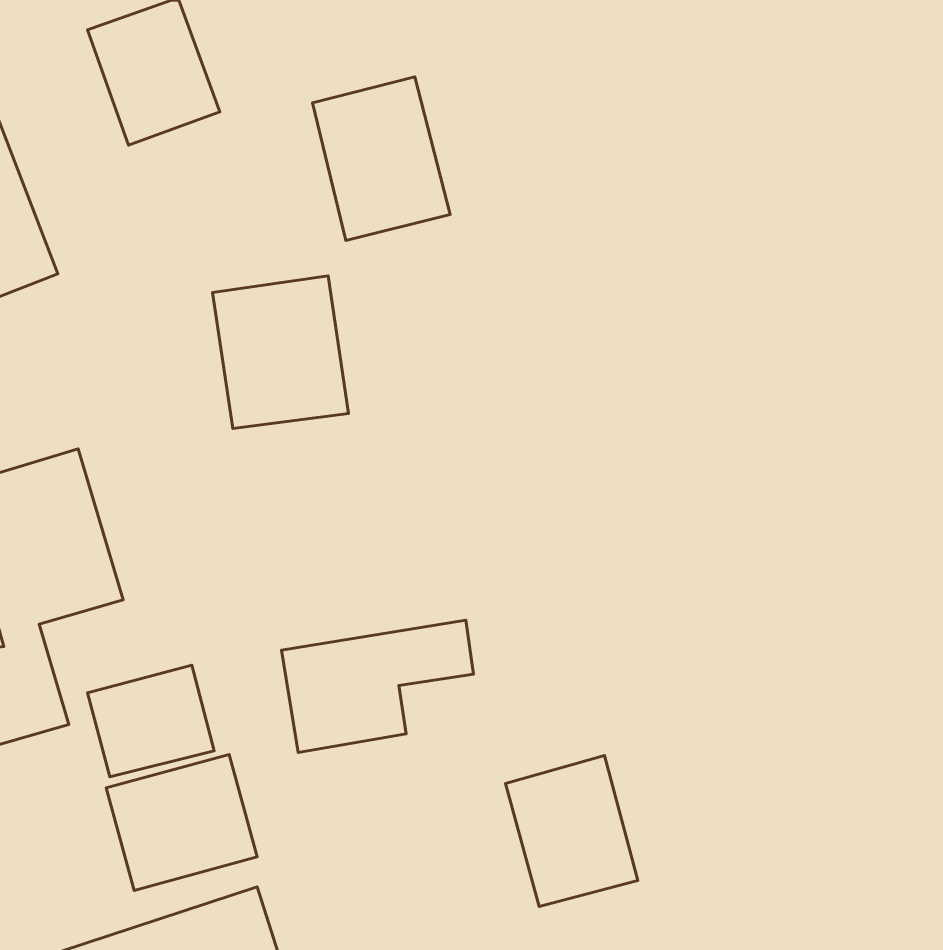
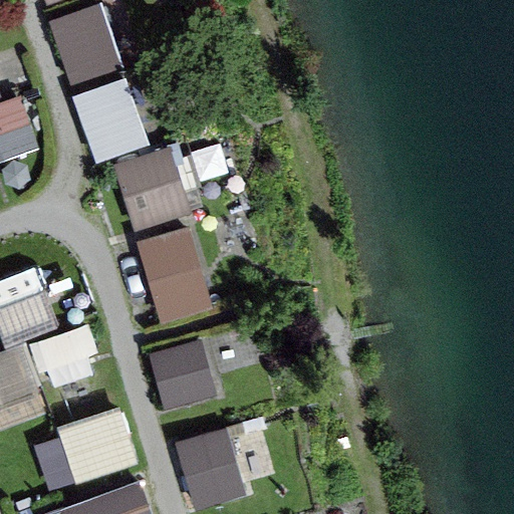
building: [312,77,450,241] -> [73,76,148,165]
building: none -> [135,227,216,329]
building: [506,756,638,907] -> [174,427,245,508]

